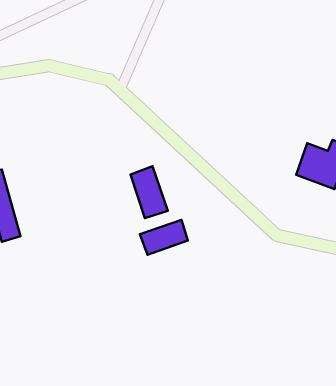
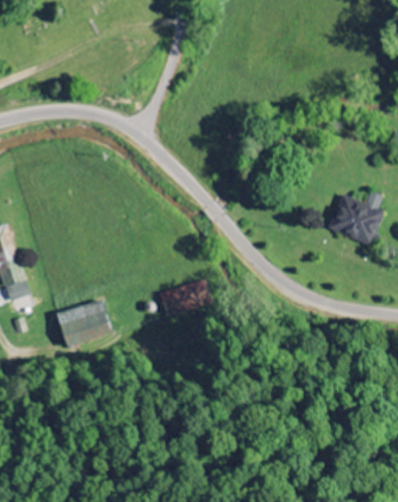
building: [130,166,168,218] -> none
building: none -> [58,299,113,347]

